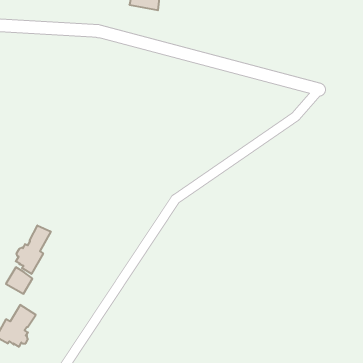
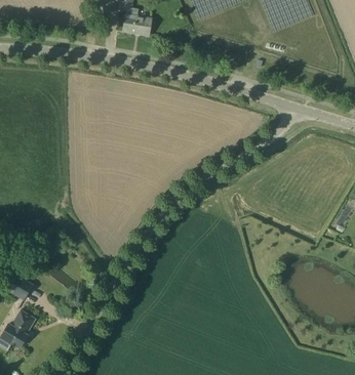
building: [16,225,51,274] -> none

